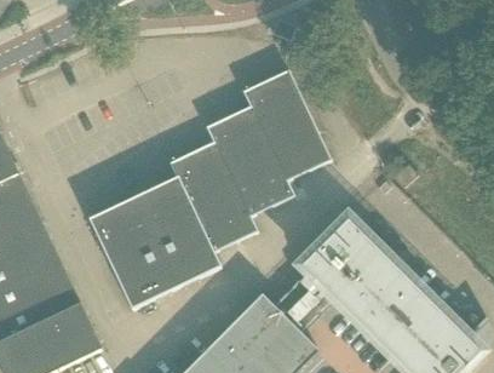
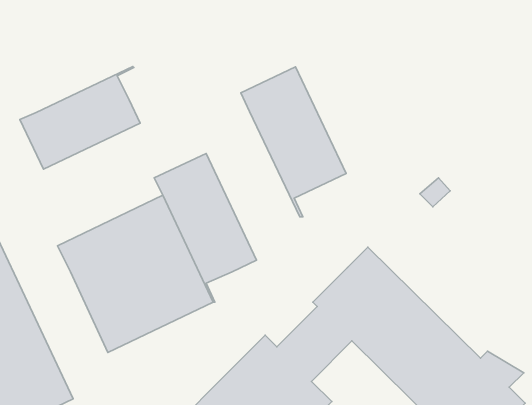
building: none -> [20,67,140,169]
building: [205,107,291,231] -> none

